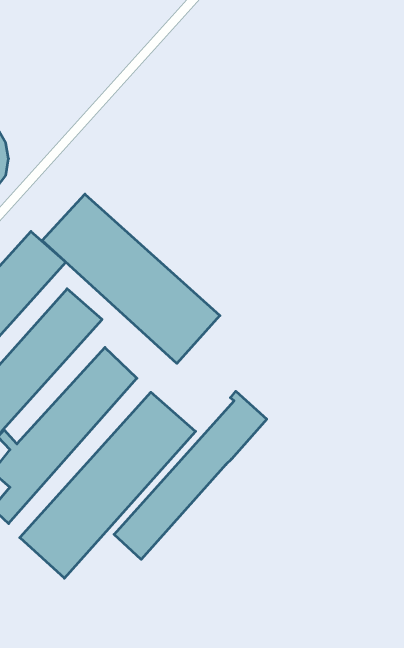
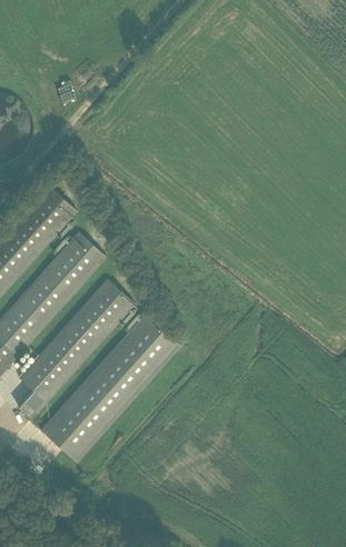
building: [42,194,220,363] -> none
building: [114,391,267,559] -> none

